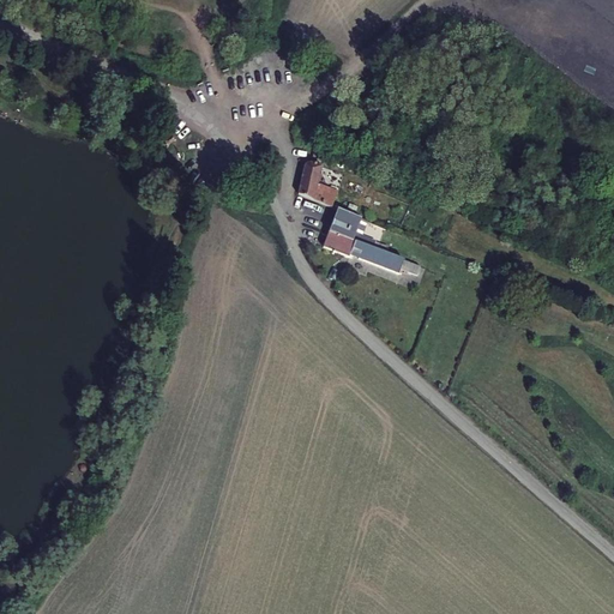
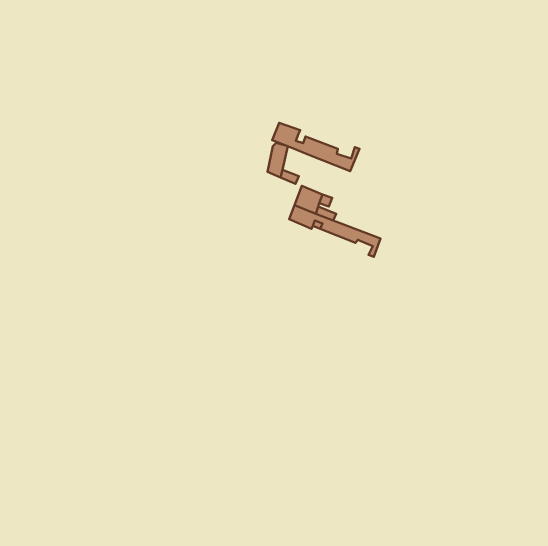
building: none -> [272,123,360,171]

